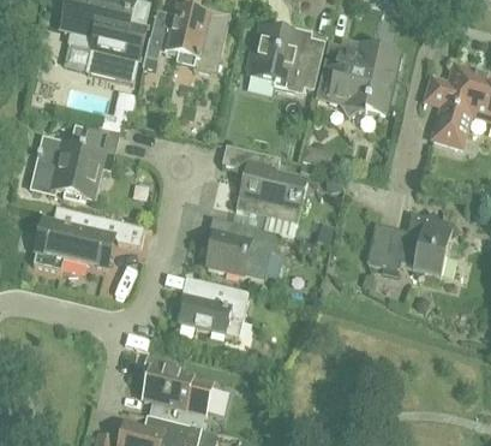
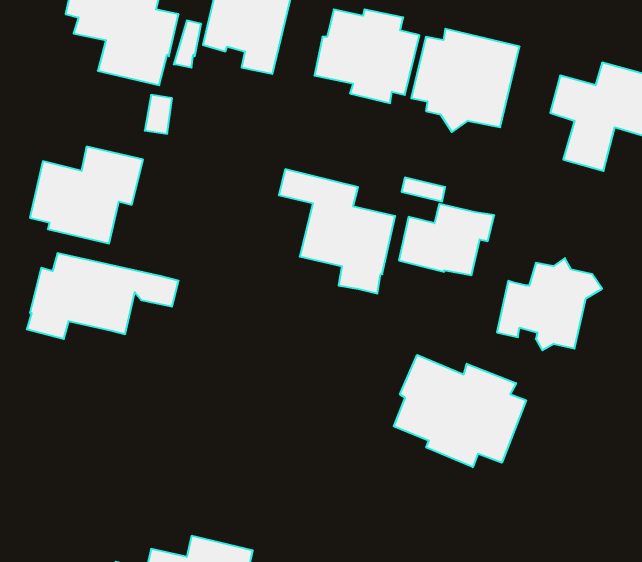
building: [208,225,279,278] -> [399,204,494,275]
building: [178,279,249,337] -> none
building: none -> [394,355,526,467]
building: [142,355,211,428] -> none

